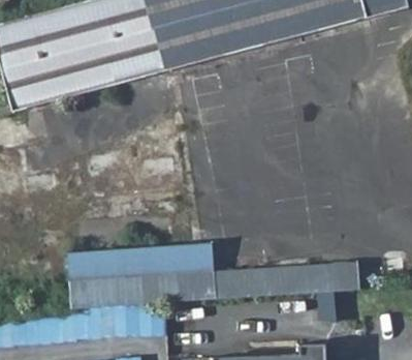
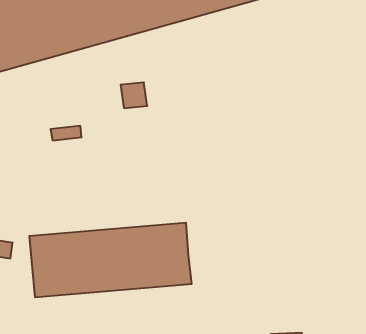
building: [213,261,357,300] -> none

